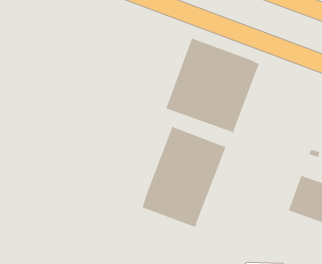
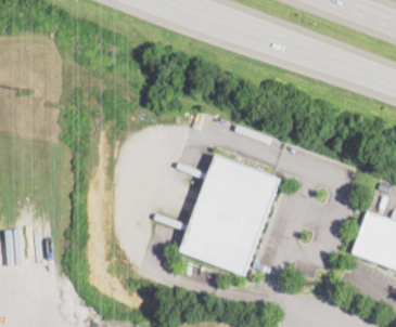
building: [165,37,260,134] -> none

